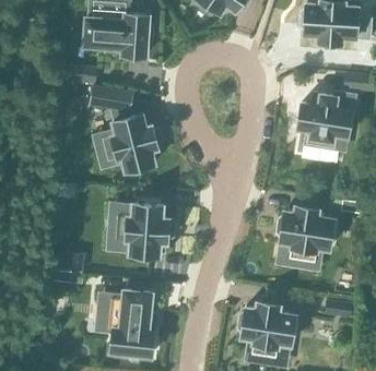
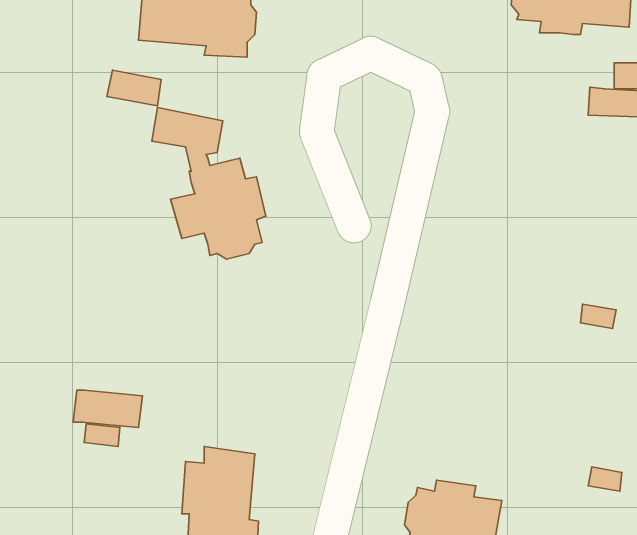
building: [297,94,355,152] -> none
building: [115,204,168,261] -> none
building: [277,208,333,263] -> none

